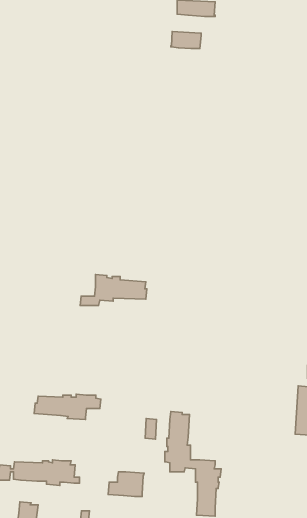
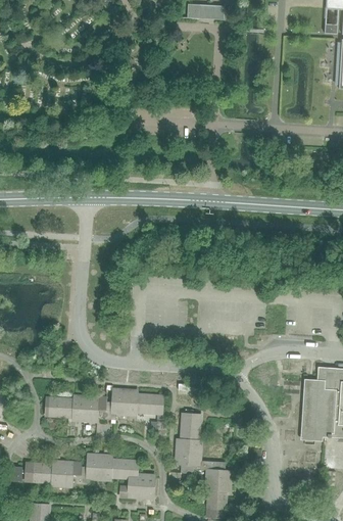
building: [171,32,201,49] -> none
building: [80,275,147,305] -> [96,388,162,419]
building: none -> [85,454,137,479]

